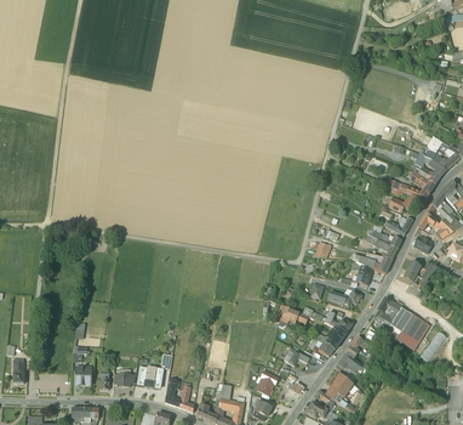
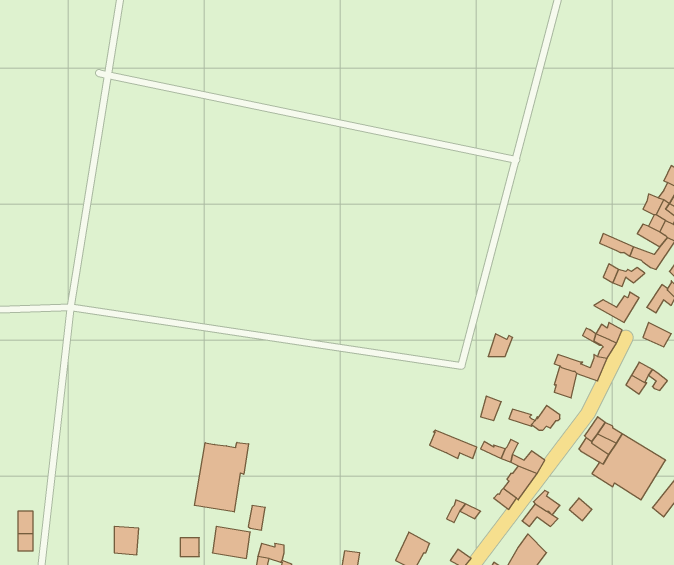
building: none -> [194,442,249,512]

